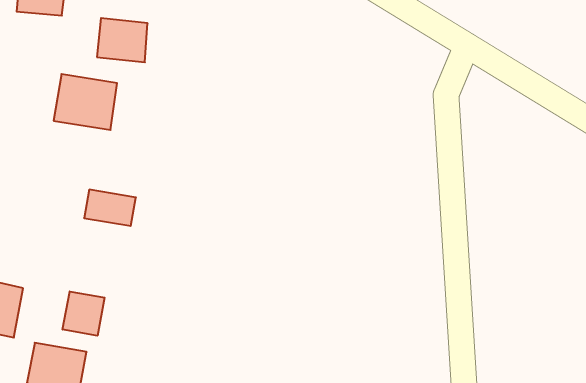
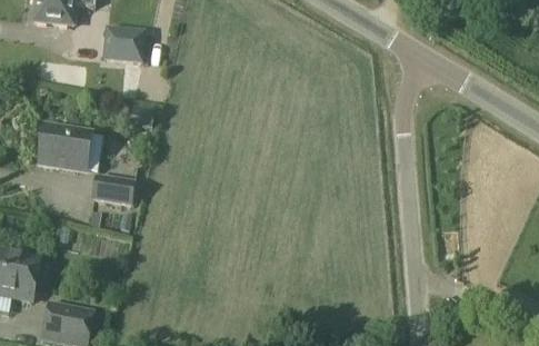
building: [54,74,117,130] -> [39,123,93,171]
building: [63,291,105,336] -> none

